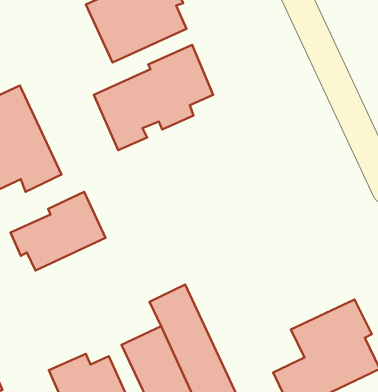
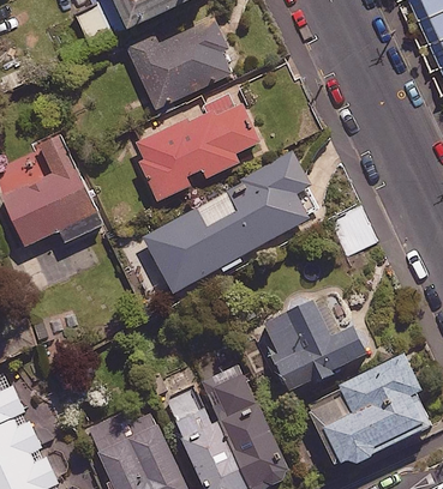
building: none -> [144,151,321,290]
building: [11,192,105,271] -> none
building: none -> [259,295,367,393]

